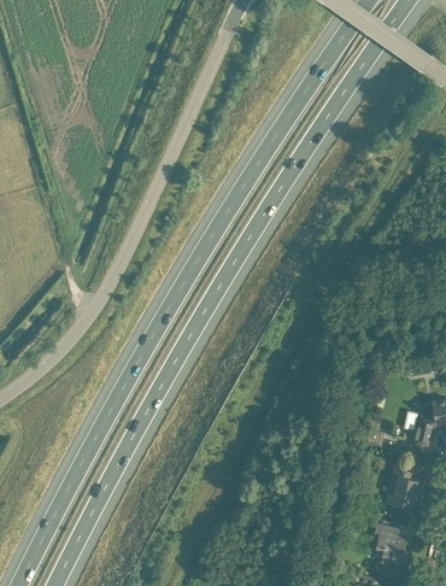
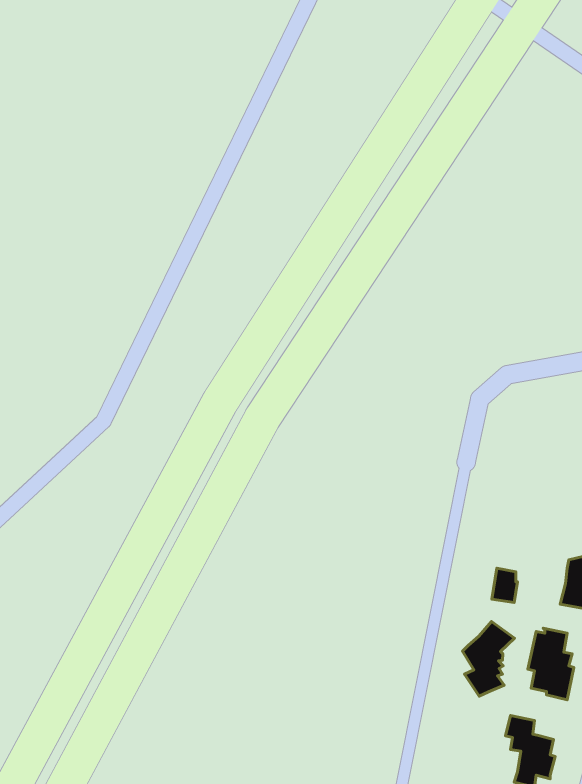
building: none -> [462,622,514,696]

